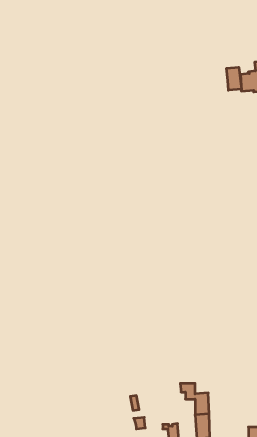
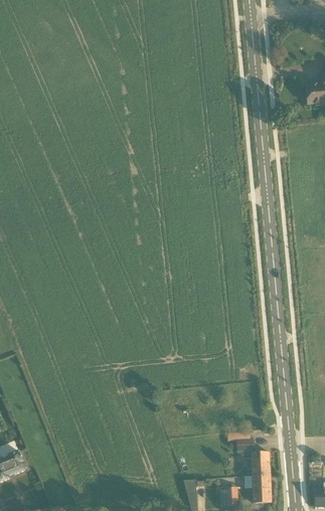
building: [227,67,241,90] -> none

